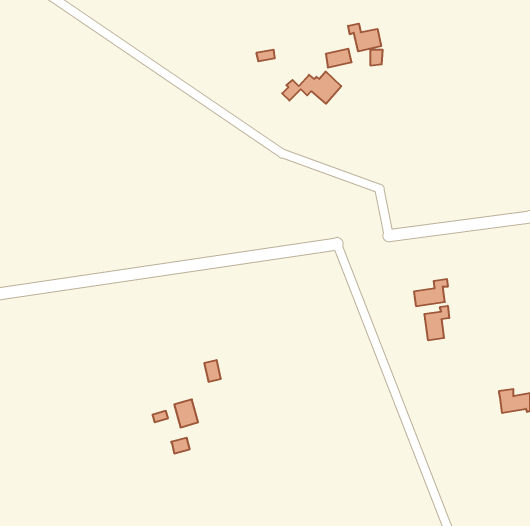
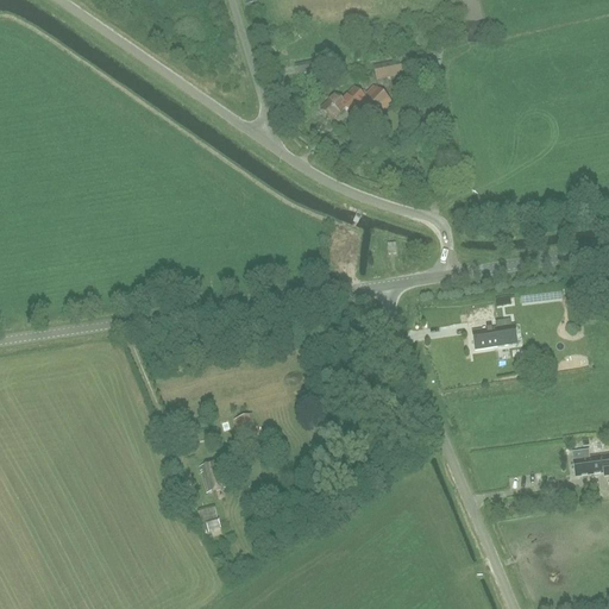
building: [348,24,381,51] -> none
building: [424,306,449,340] -> none

